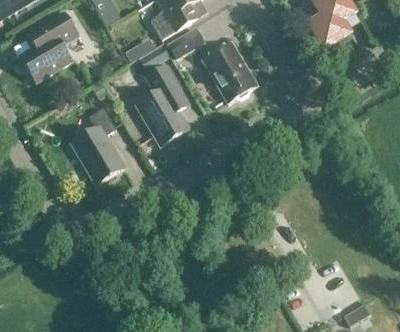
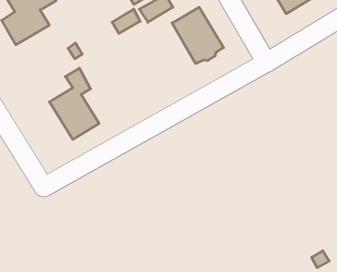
building: [136,61,191,144] -> none

